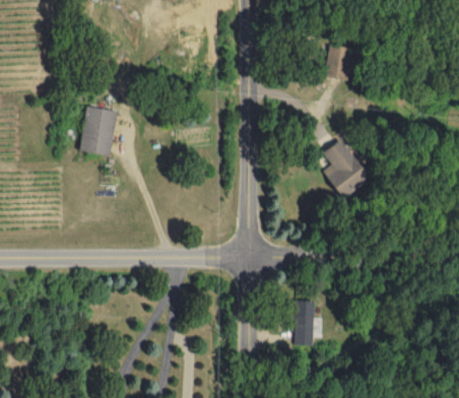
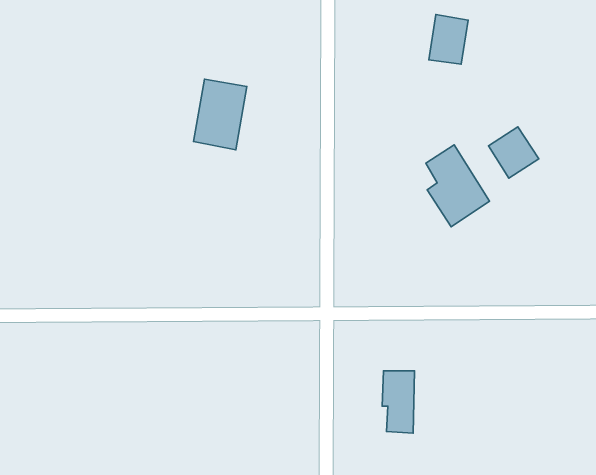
building: [79,106,118,156] -> [193,79,247,150]
building: none -> [489,127,539,178]

